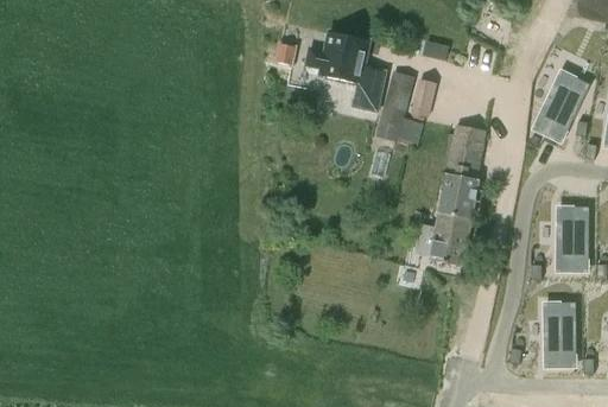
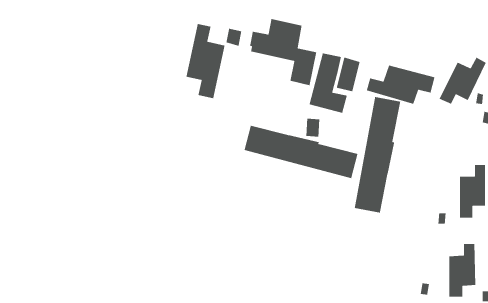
building: none -> [185,23,226,99]
building: none -> [366,64,436,105]
building: none -> [243,125,358,179]

